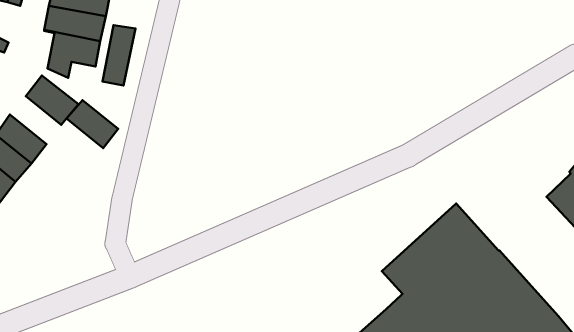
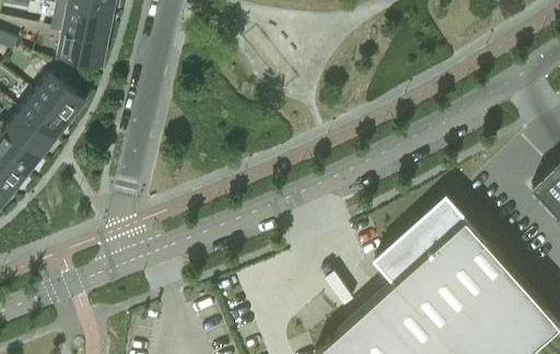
building: [103,25,136,86] -> none
building: [67,100,118,148] -> [19,96,68,142]

